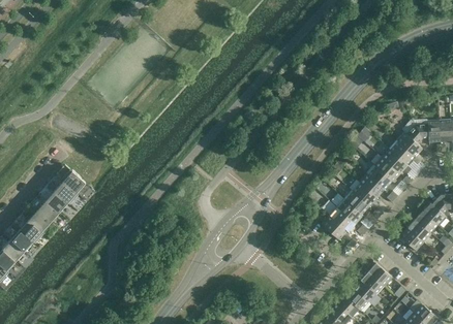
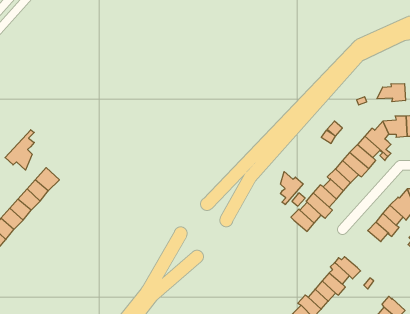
building: none -> [377,84,405,102]
building: none -> [5,130,34,170]
building: none -> [280,172,303,205]

